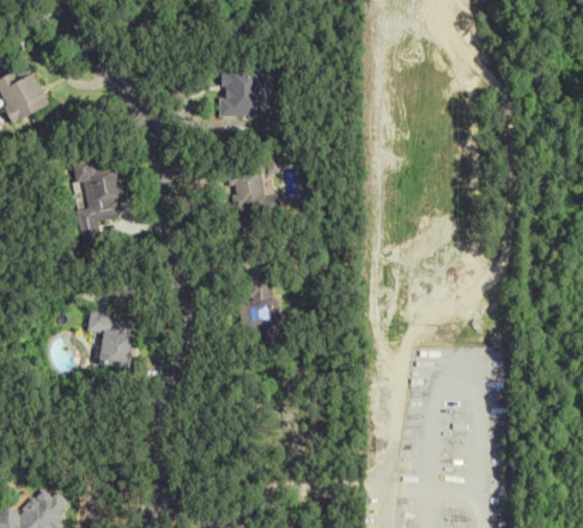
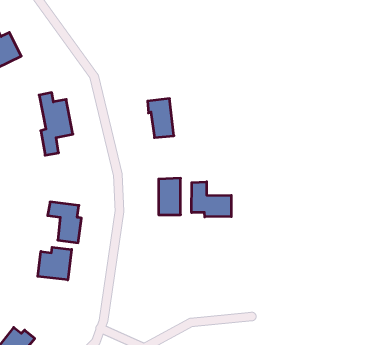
building: [221,63,262,115] -> none
building: none -> [192,182,231,217]
building: none -> [38,247,72,280]

